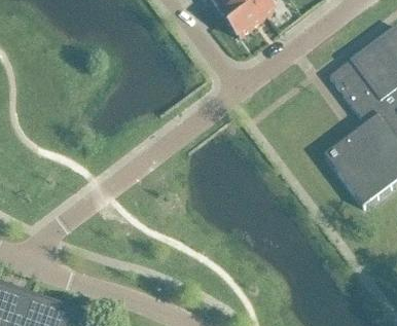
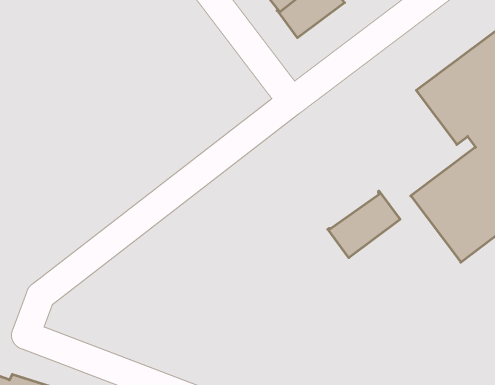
building: none -> [328,191,400,258]

